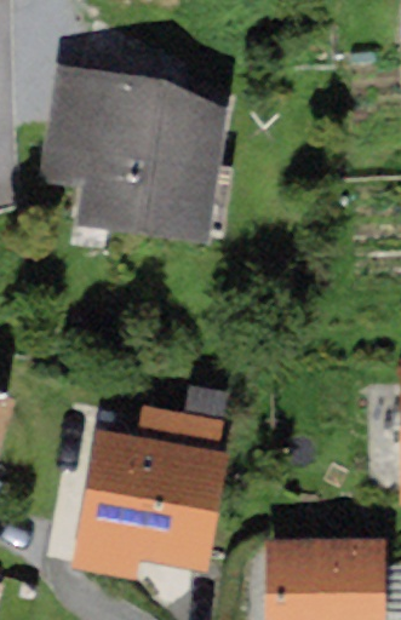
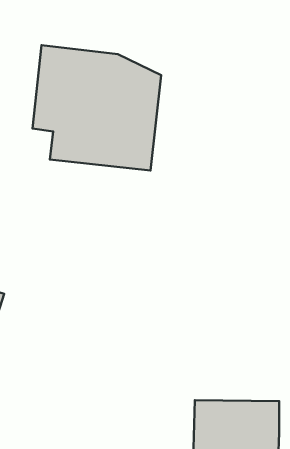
building: [74,409,223,576] -> none

